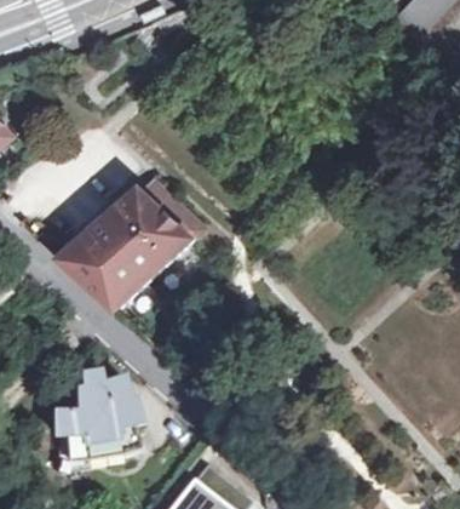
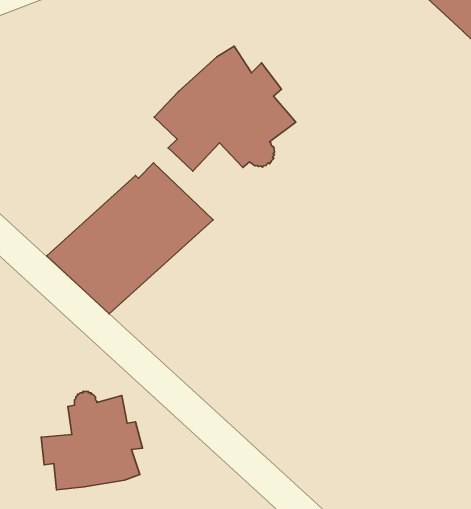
building: none -> [154,46,296,171]

